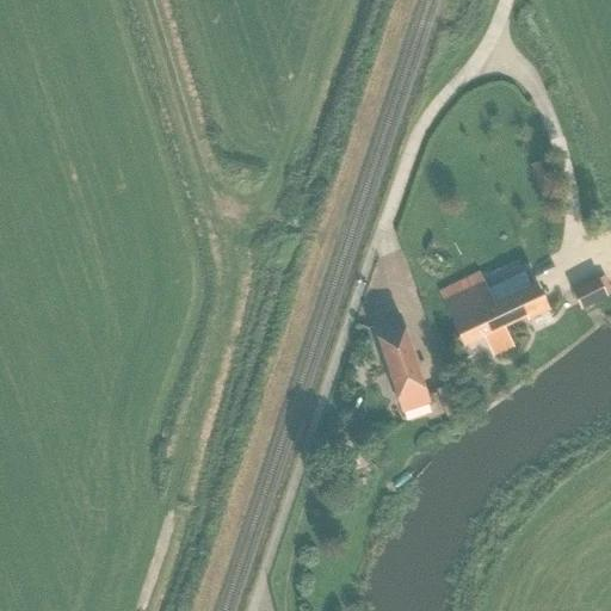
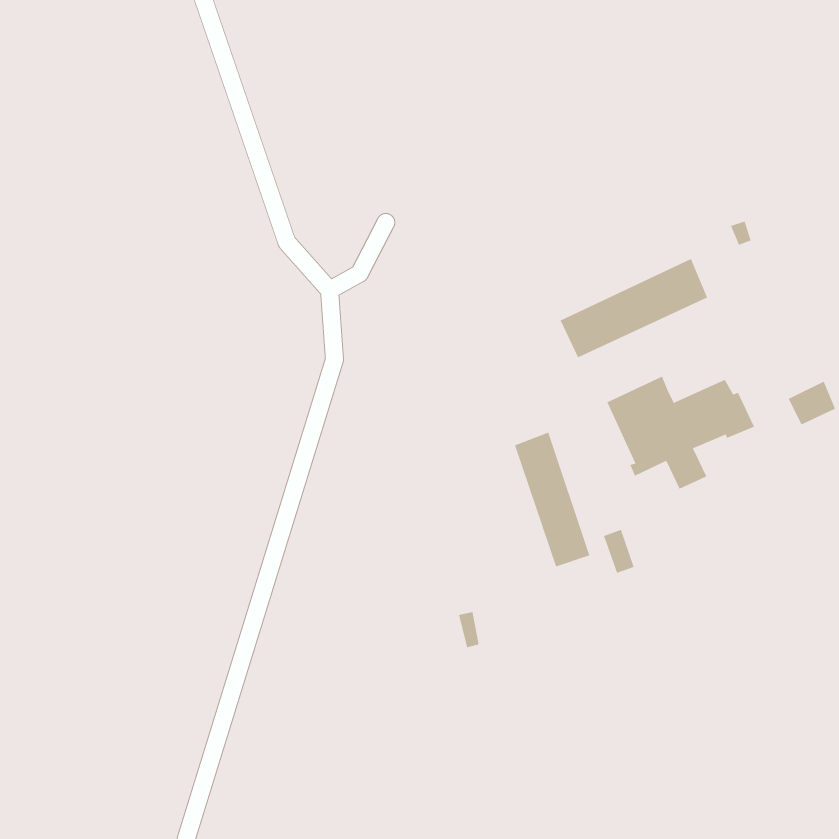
building: none -> [560,258,708,358]

